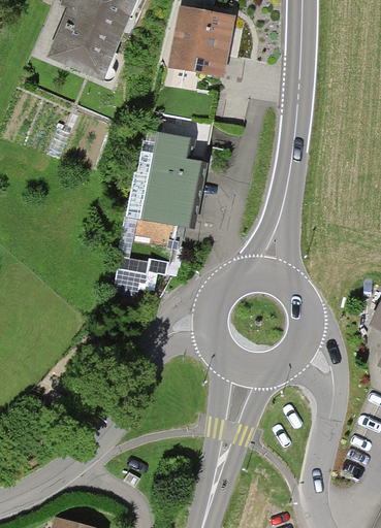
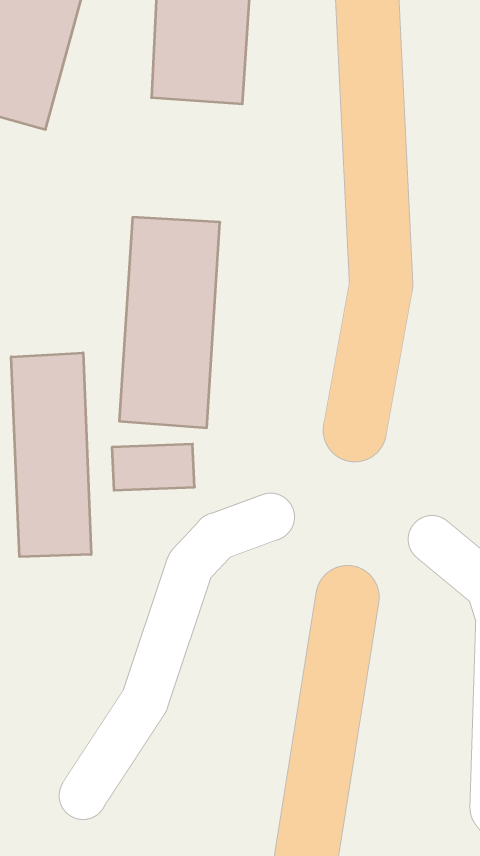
building: none -> [11,353,91,557]

